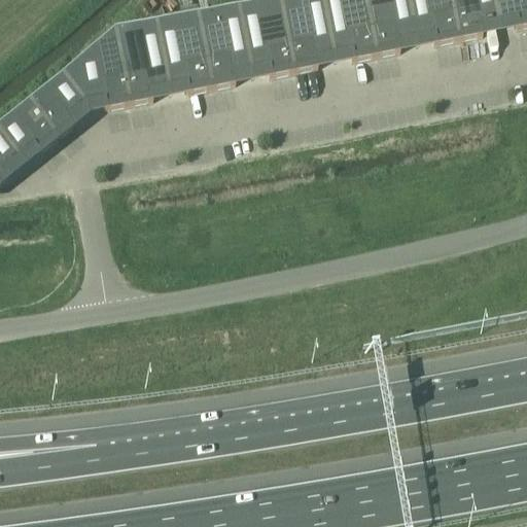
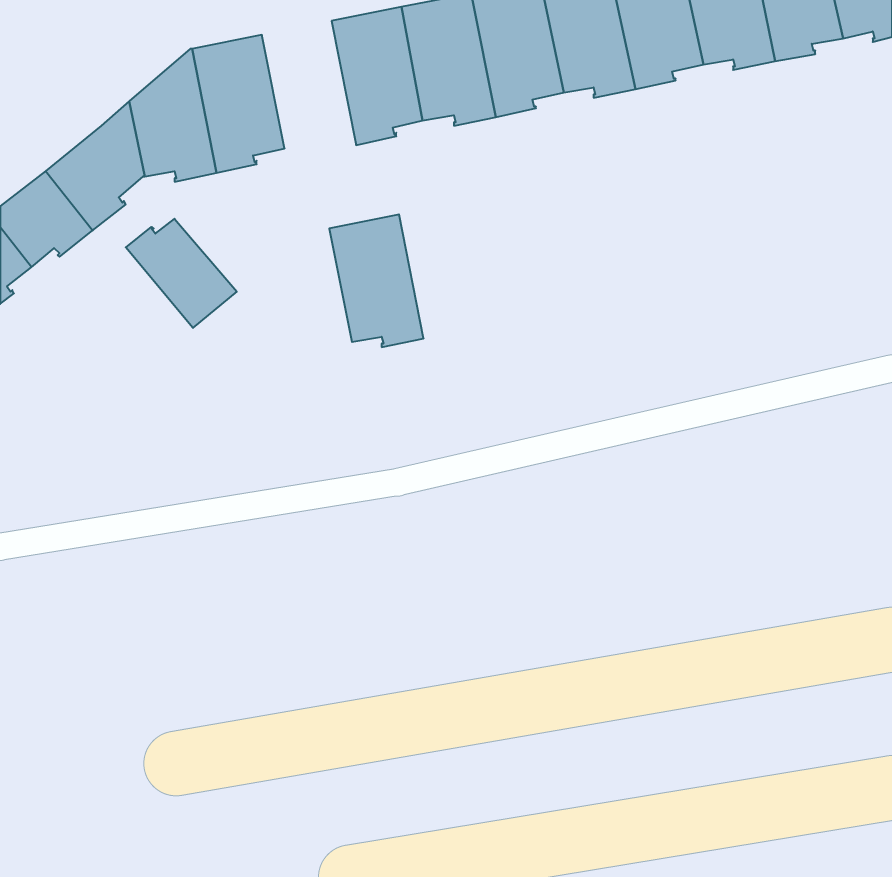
building: [154,12,210,91] -> [329,214,424,347]
building: none -> [126,219,237,328]

